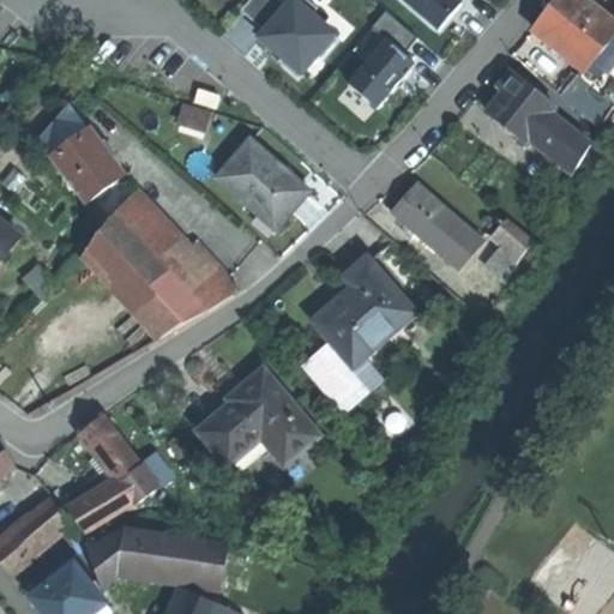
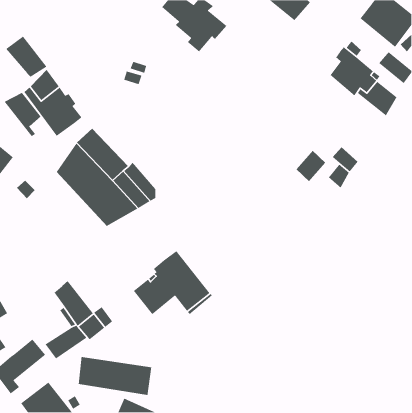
building: [347,11,416,108] -> none
building: none -> [5,35,47,77]
building: none -> [3,92,42,137]
building: [218,140,308,229] -> none
building: [392,181,463,251] -> none
building: [301,258,416,413] -> none
building: [85,528,120,589] -> none

